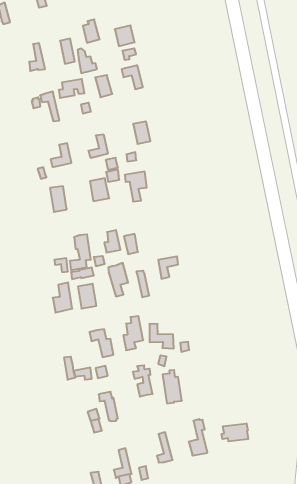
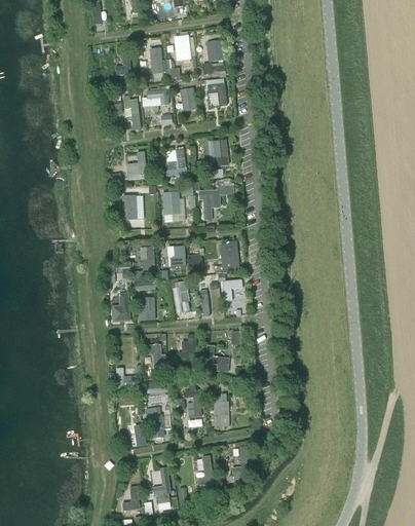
building: none -> [220,240,239,272]
building: [222,423,248,441] -> none

